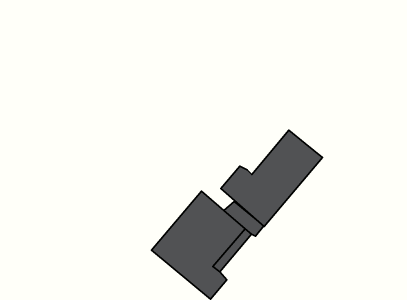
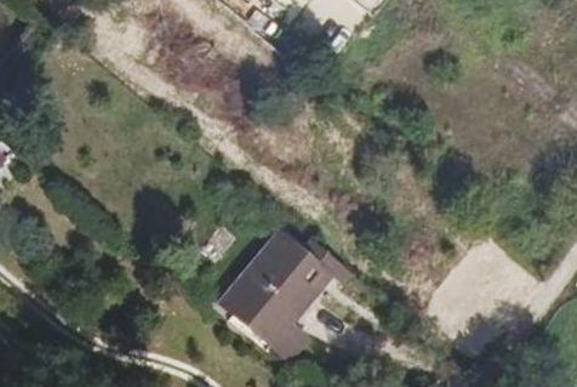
building: [221,130,322,226] -> none

